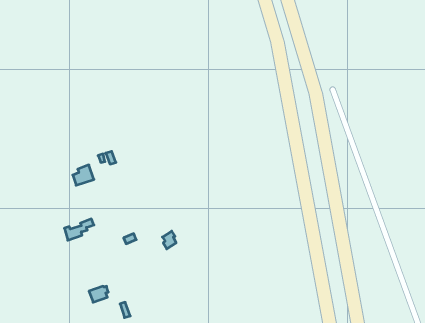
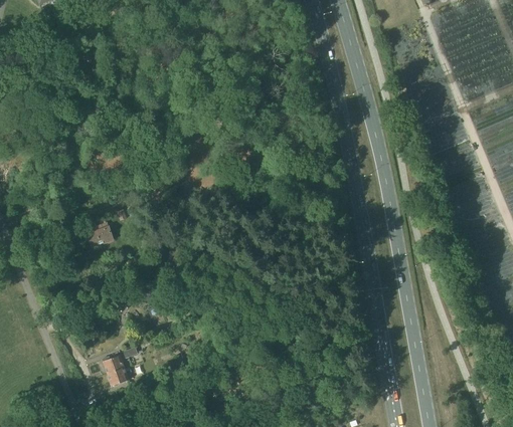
building: [64,219,94,240] -> [103,347,138,372]

